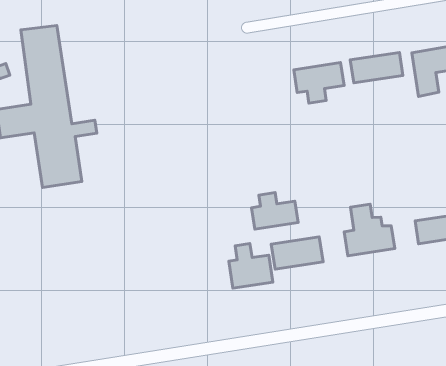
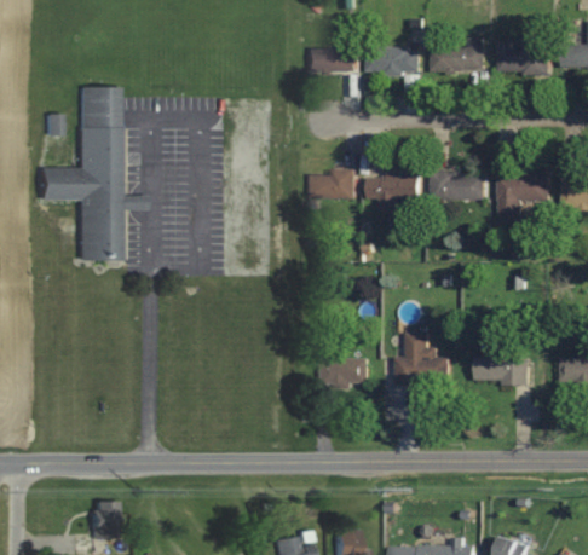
building: none -> [306,169,356,198]
building: [252,193,298,229] -> none
building: [229,243,273,288] -> none

